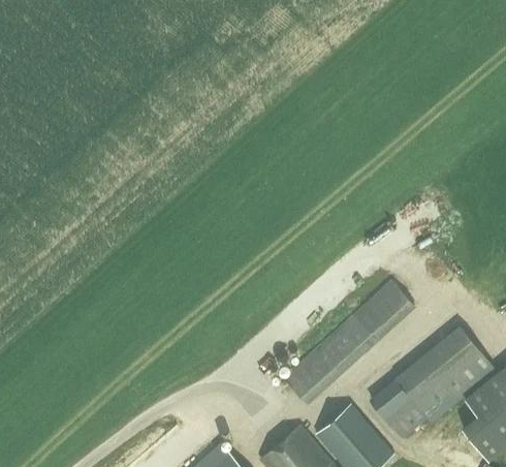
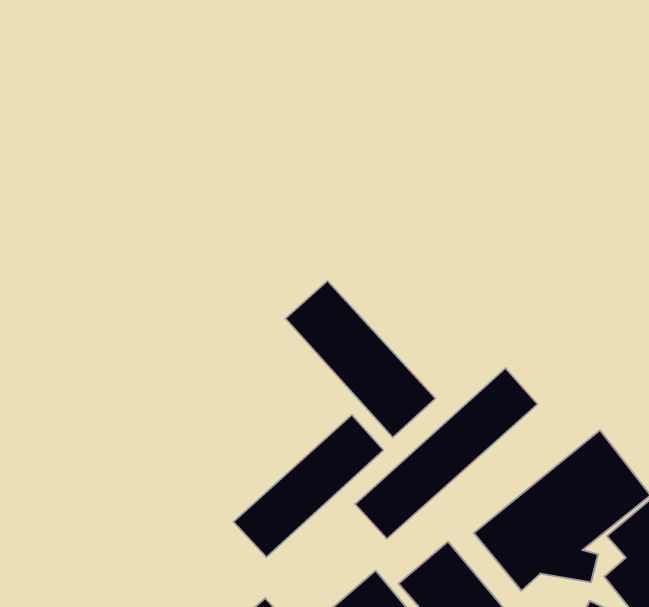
building: none -> [285,281,435,437]
building: none -> [234,415,383,557]

